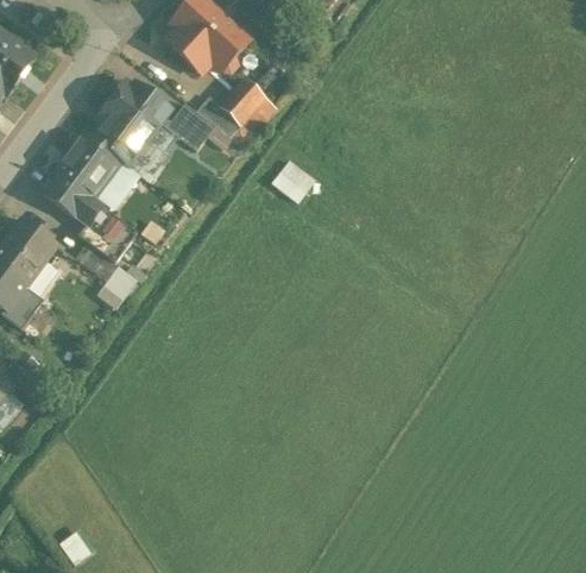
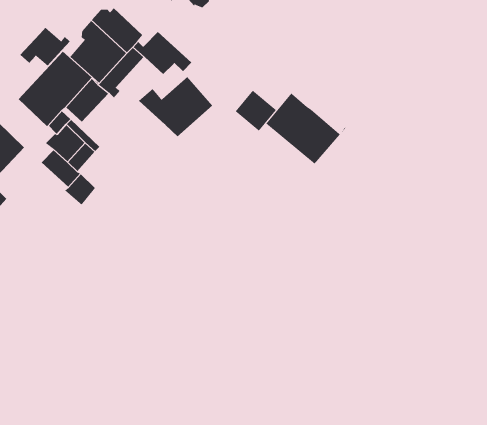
building: [194,76,275,143] -> [138,76,213,137]
building: none -> [19,27,71,68]
building: none -> [265,93,346,165]

